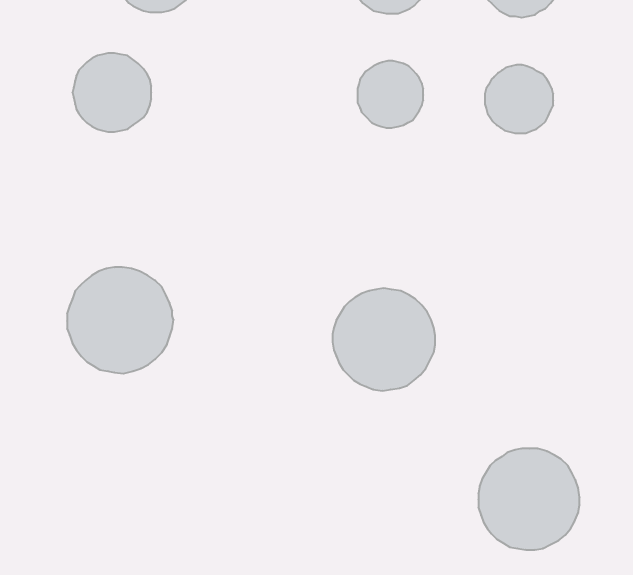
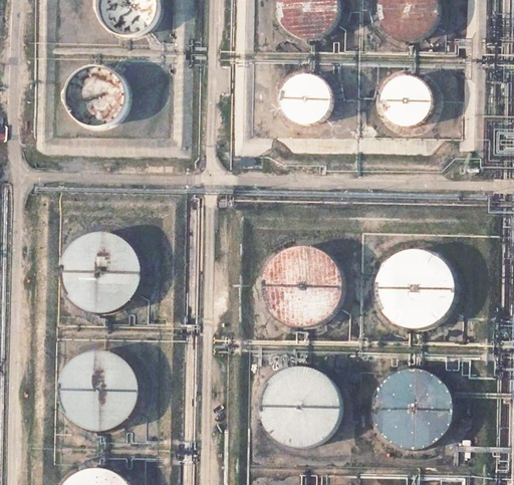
building: none -> [375,249,453,326]
building: none -> [60,351,138,428]
building: none -> [259,368,339,448]

